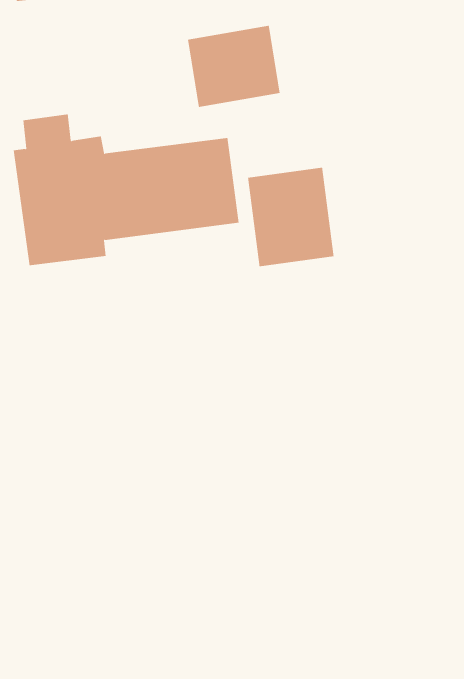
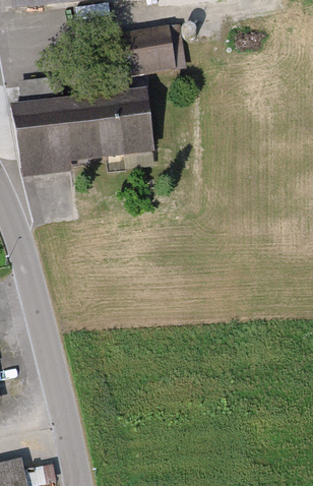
building: [248,167,334,267] -> none

